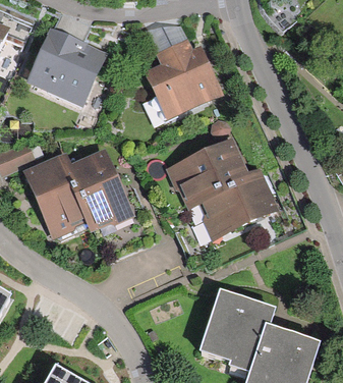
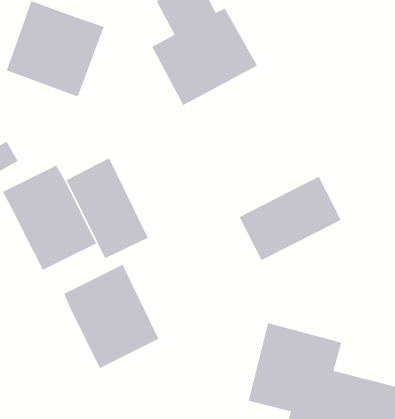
building: [171,140,253,211] -> none
building: none -> [63,263,160,369]

